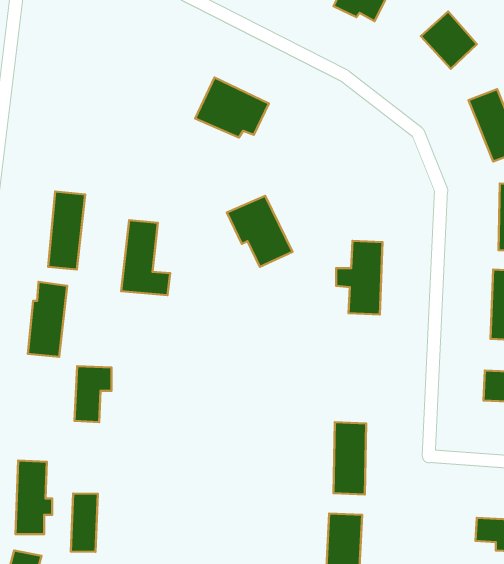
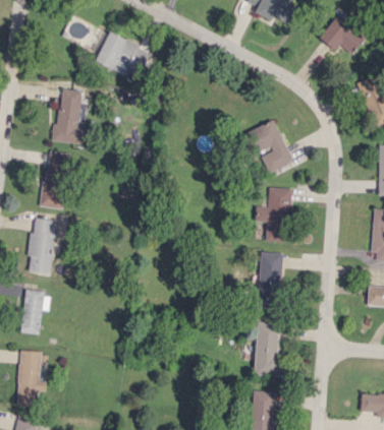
building: [195,78,269,138] -> [95,32,150,76]
building: [227,196,292,267] -> [244,120,293,173]
building: [121,220,170,295] -> [54,88,91,144]
building: none -> [259,252,282,307]
building: [75,366,111,422] -> [21,292,49,333]
building: [71,493,98,552] -> none

